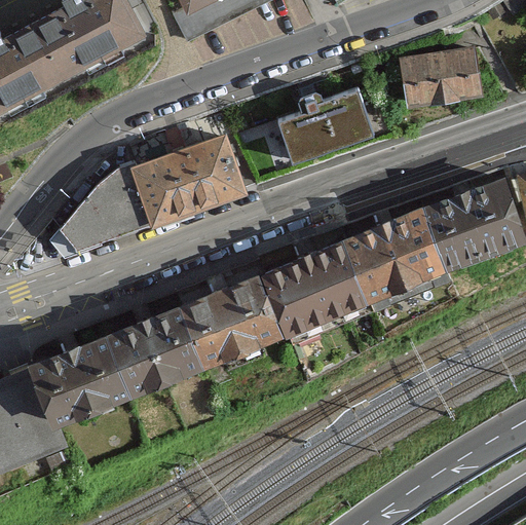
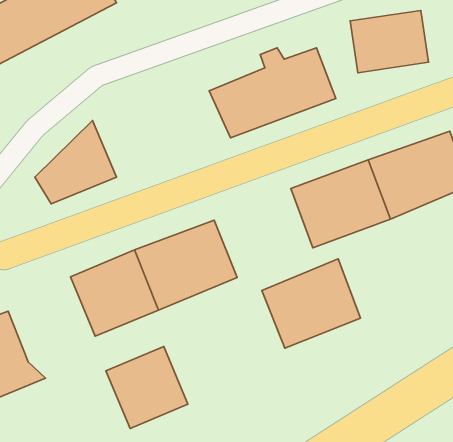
building: [120,136,245,228] -> none
building: [251,240,356,336] -> [262,259,360,348]
building: [26,335,123,426] -> none
building: none -> [106,347,188,429]

